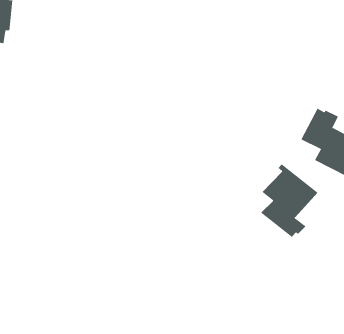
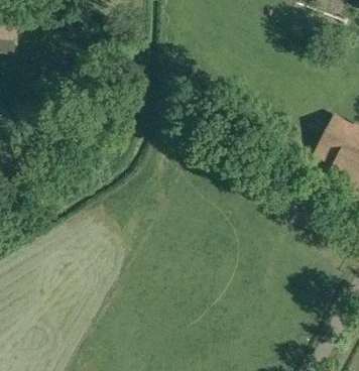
building: [260,164,319,238] -> none

